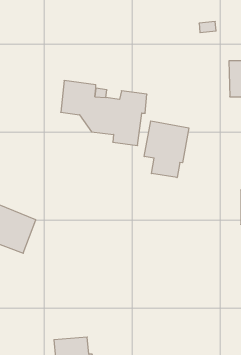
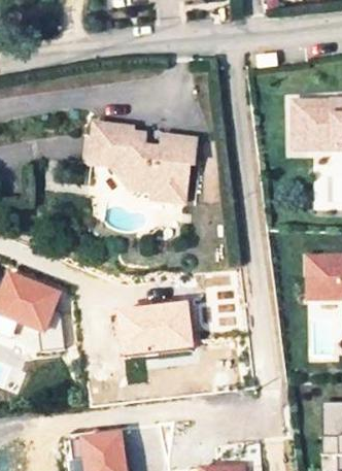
building: [144,121,189,178] -> none
building: none -> [115,301,191,355]

